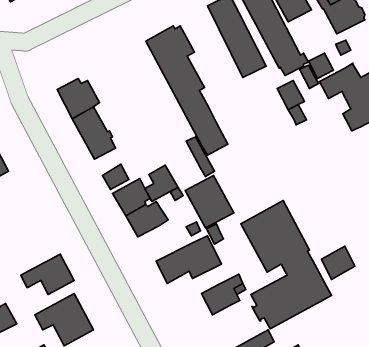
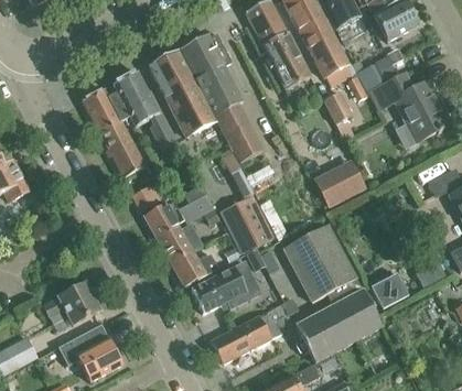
building: none -> [149,50,215,135]
building: none -> [112,70,175,150]
building: none -> [314,159,367,208]
building: none -> [171,250,218,286]
building: none -> [212,324,253,361]

